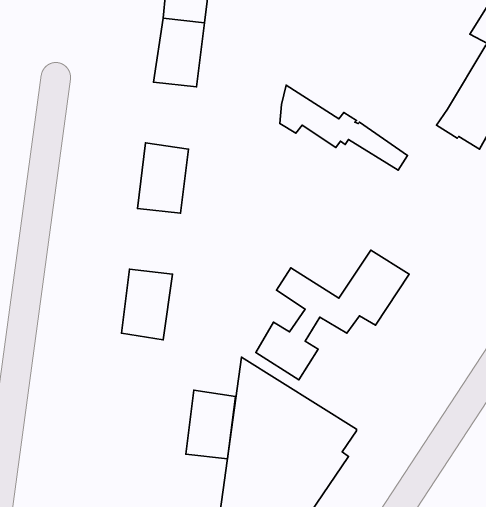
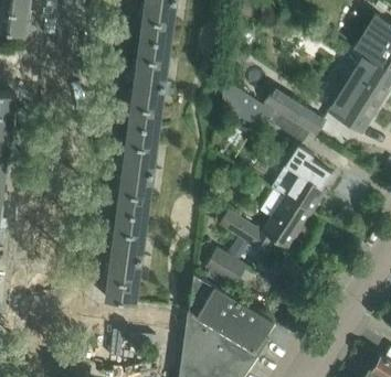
building: none -> [128,80,163,127]
building: none -> [264,86,326,134]
building: none -> [271,146,331,213]
building: none -> [117,168,152,213]
building: [186,390,235,459] -> [106,254,140,301]

